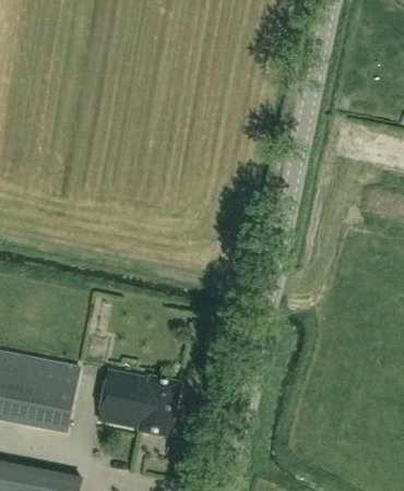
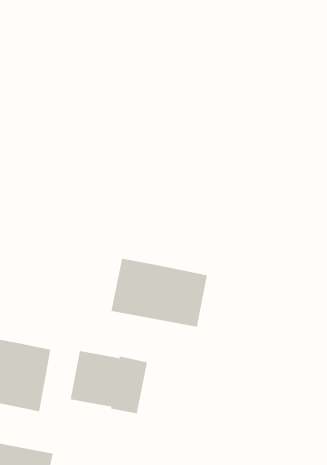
building: none -> [111,258,208,328]

